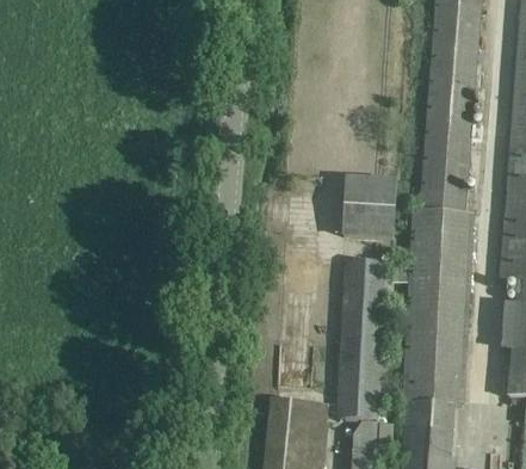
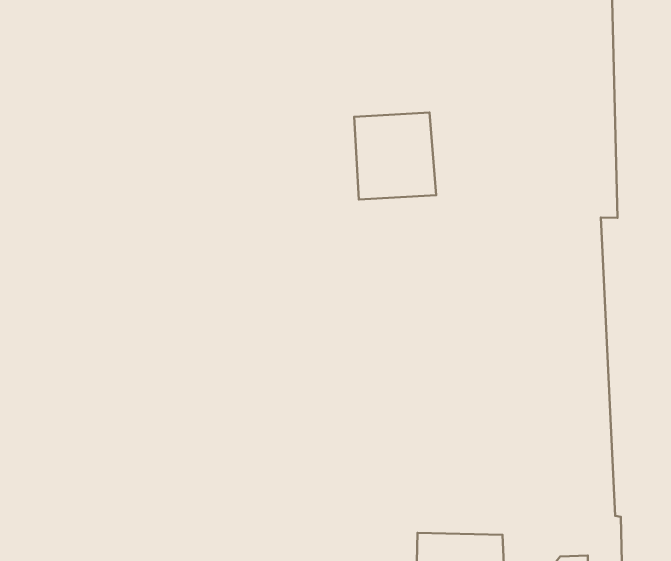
building: [345,177,396,233] -> [354,113,436,199]
building: [338,257,385,414] -> none

